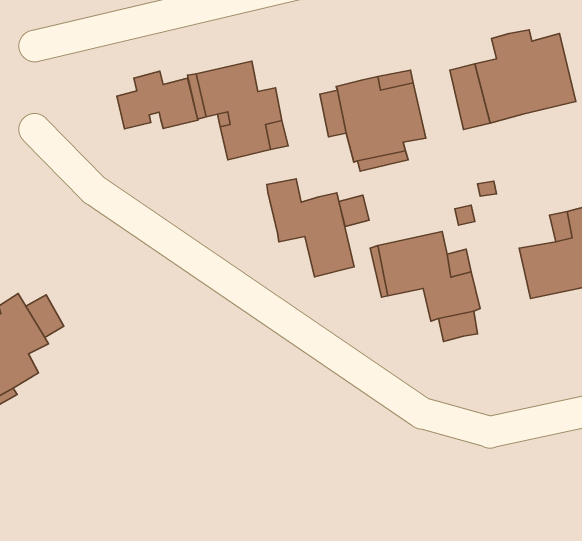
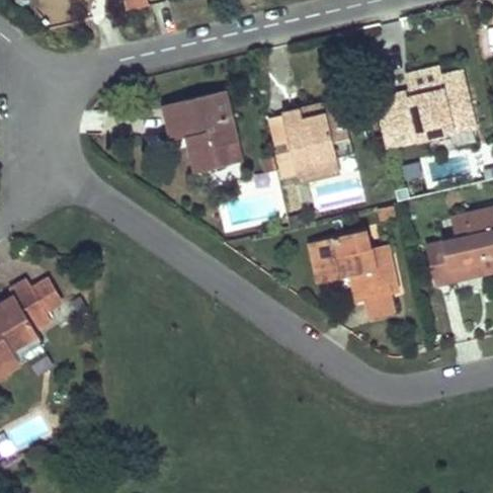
building: [117,71,198,129] -> none
building: [267,179,354,277] -> none

